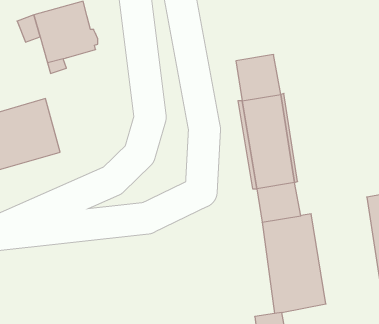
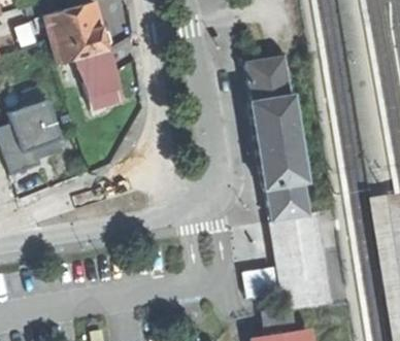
building: none -> [78,49,122,107]

